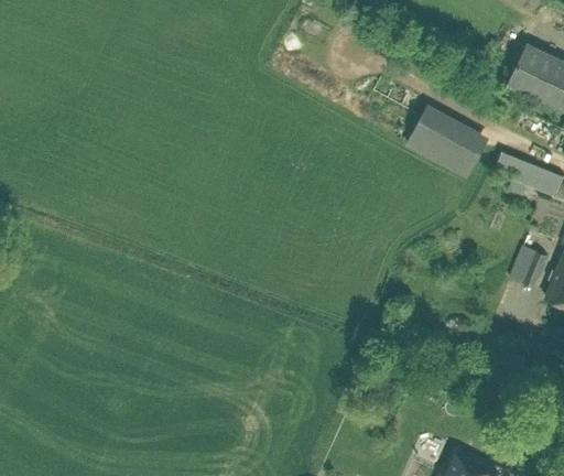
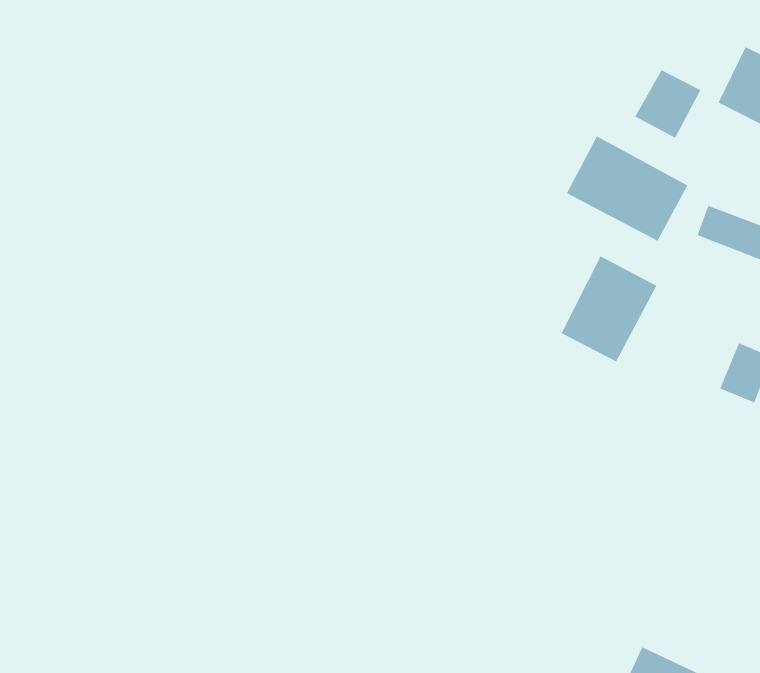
building: none -> [634,69,701,139]
building: none -> [560,255,657,363]

